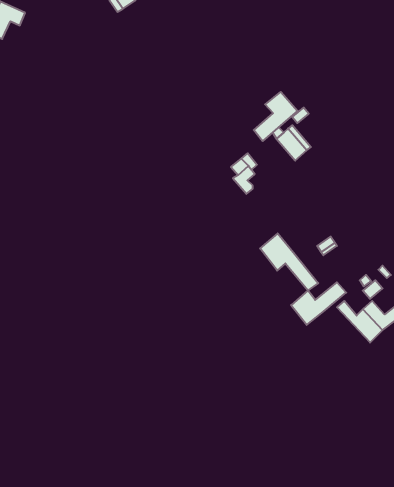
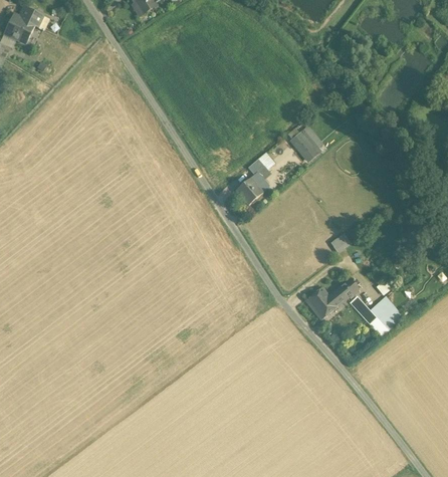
building: [254,92,298,141] -> none
building: none -> [235,177,262,204]
building: [260,233,318,291] -> none

